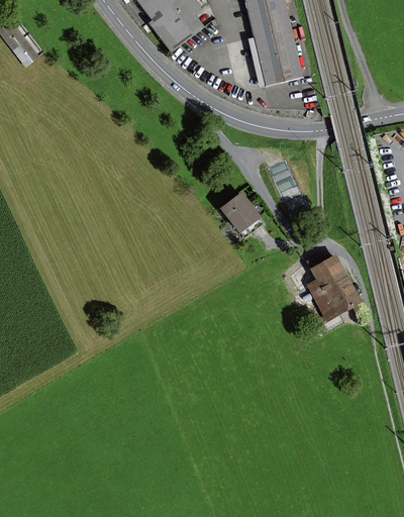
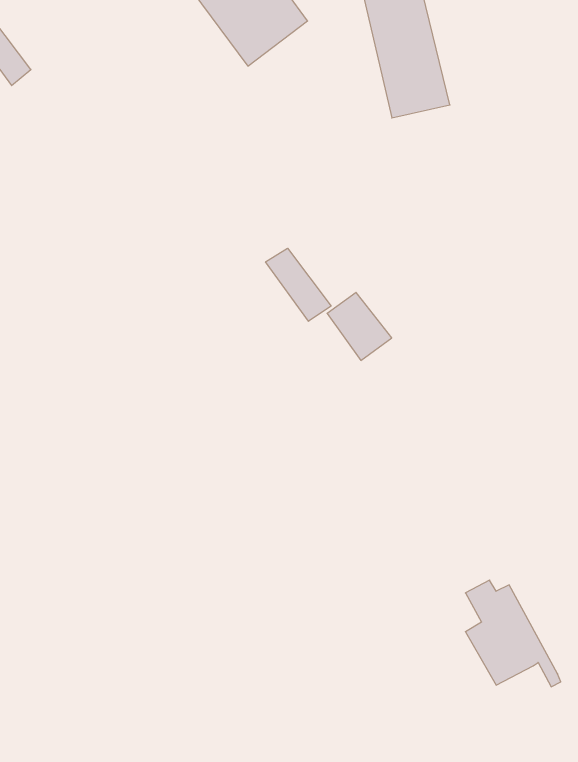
building: none -> [266,248,331,321]
building: [307,251,367,318] -> [465,580,561,687]

